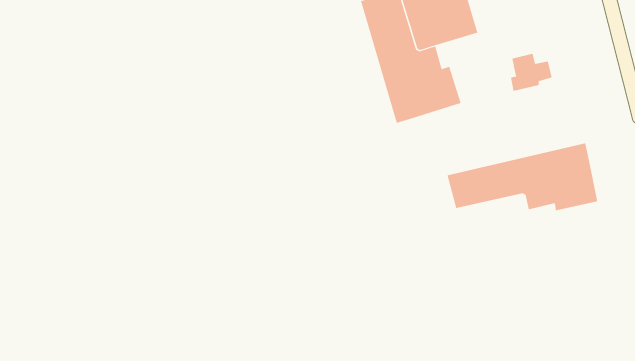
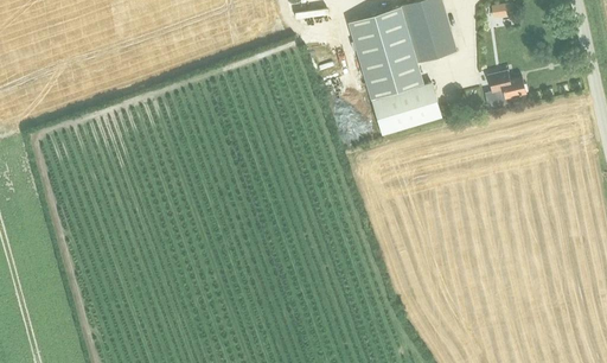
building: [447,142,598,211] -> none

